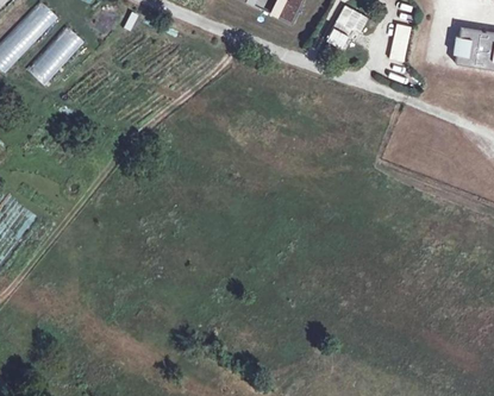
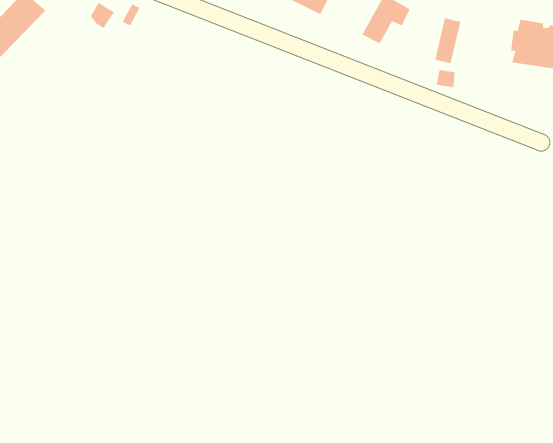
building: [27,26,85,87] -> none

